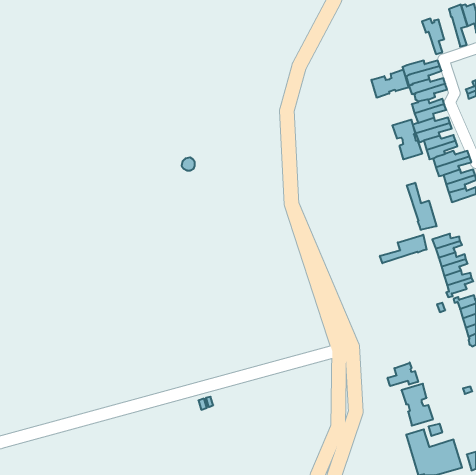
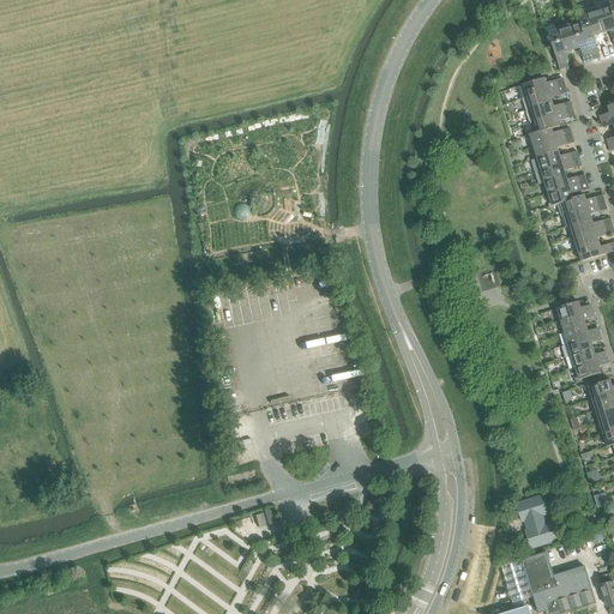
building: none -> [564,16,592,62]
building: [371,70,409,98] -> none
building: [392,120,422,159] -> none
building: [407,183,437,230] -> none
building: [380,235,427,263] -> none
building: [388,362,418,386] -> none

